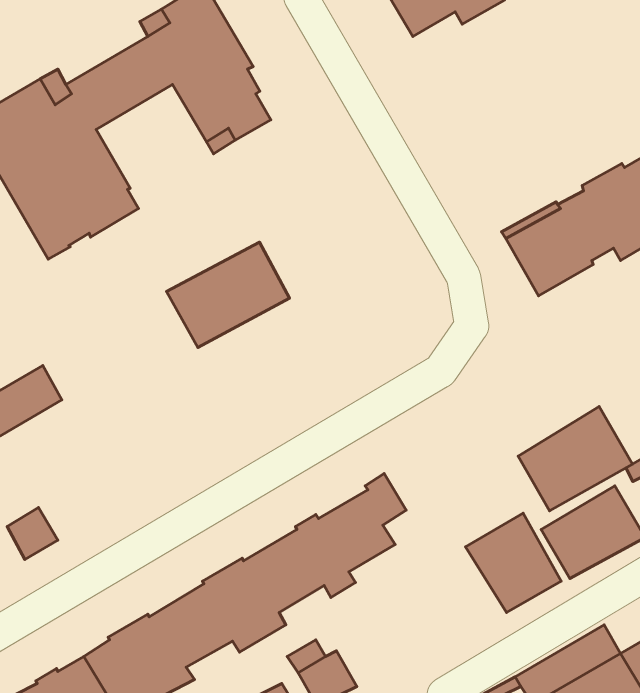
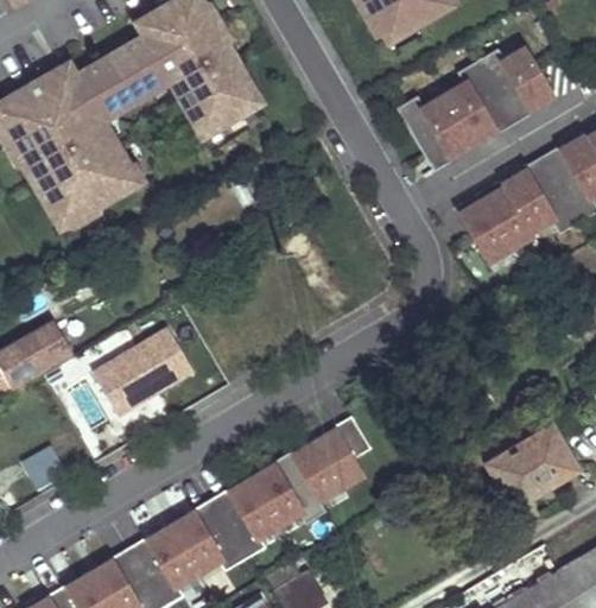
building: none -> [401,44,558,167]
building: [166,242,289,347] -> [89,322,196,413]
building: [518,406,633,511] -> none
building: [465,513,561,613] -> none

